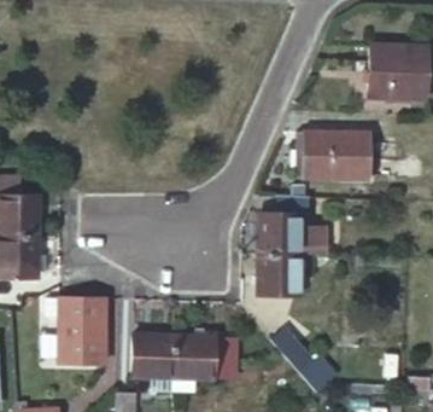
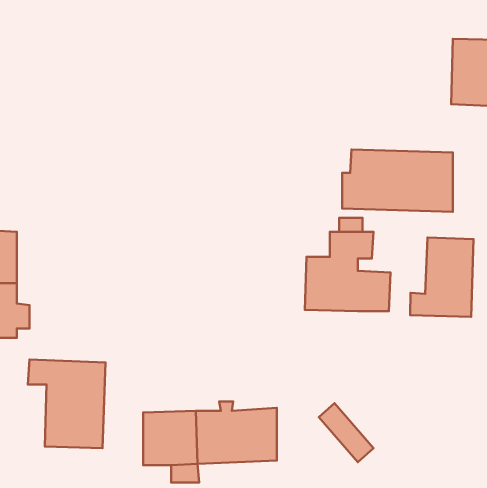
building: none -> [410,237,473,317]
building: [256,255,298,297] -> none

